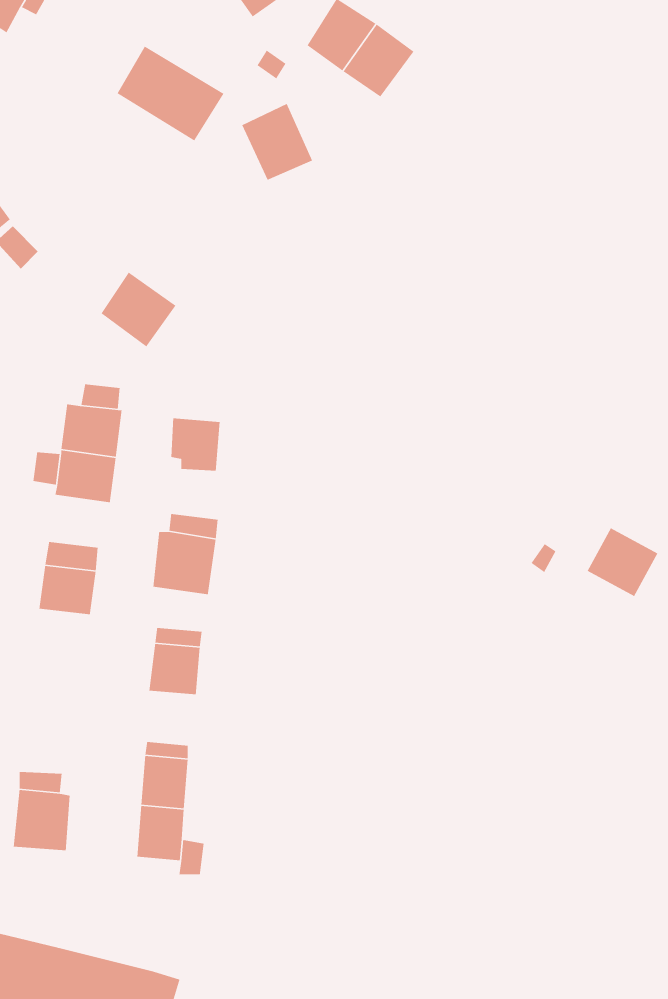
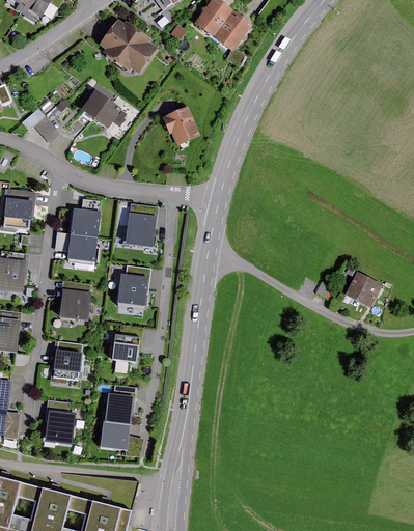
building: [241,103,313,181] -> [162,108,199,148]
building: [101,272,177,347] -> [80,92,119,132]
building: none -> [50,342,81,382]

